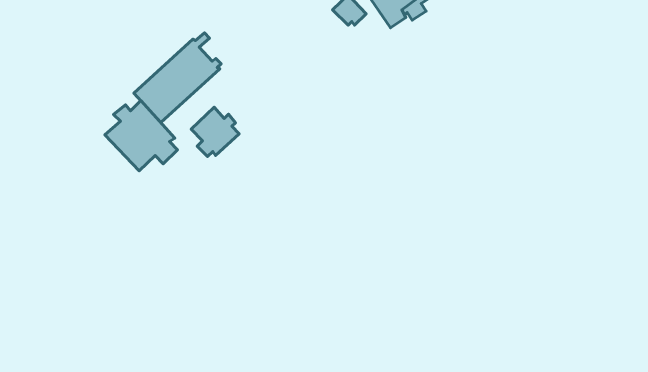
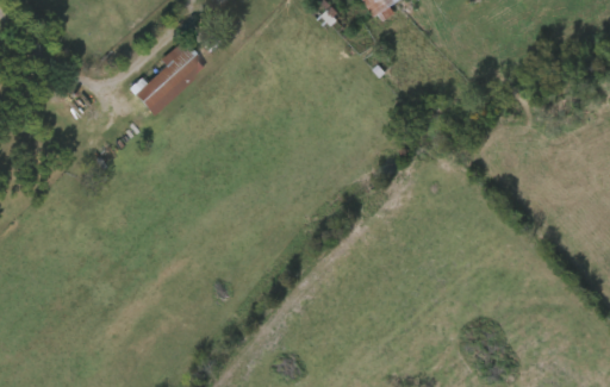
building: [105,101,177,171] -> none
building: [191,107,239,157] -> none

